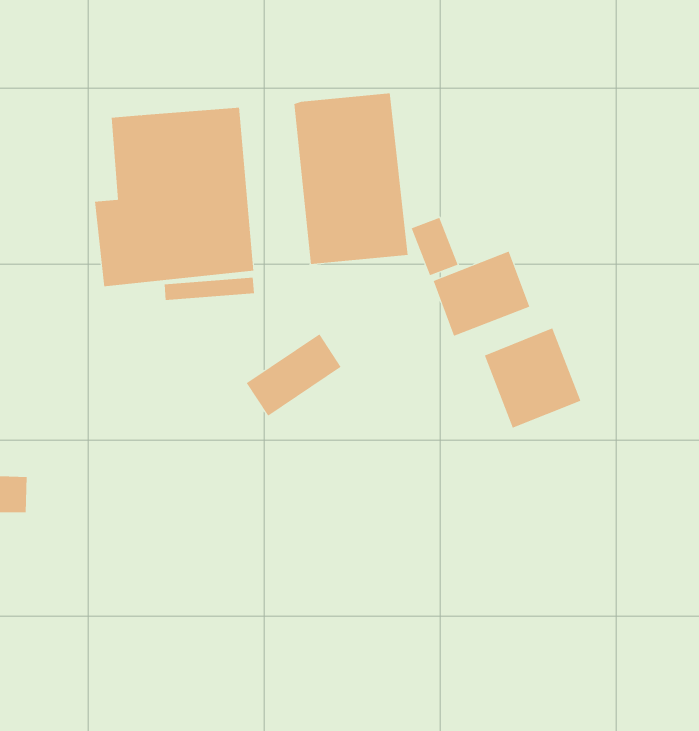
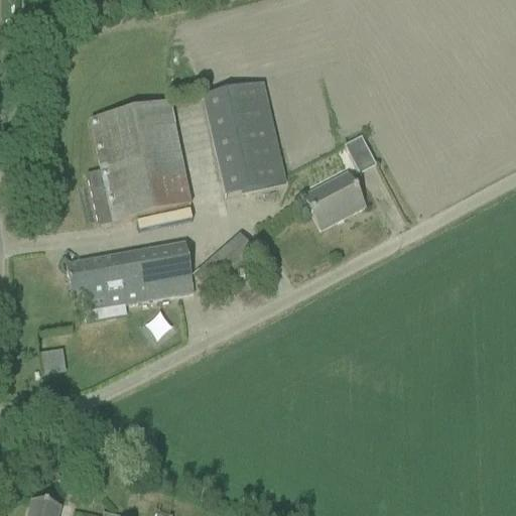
building: [411,217,458,276] -> [345,134,377,171]
building: [484,328,581,429] -> none
building: none -> [67,242,195,305]

